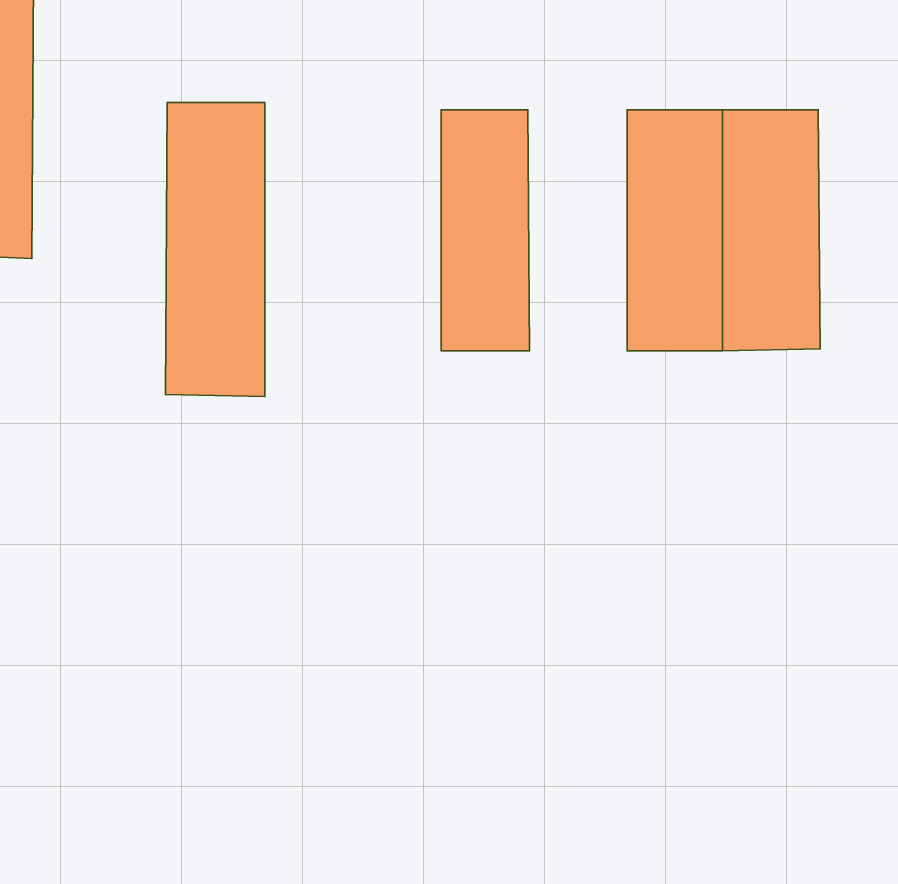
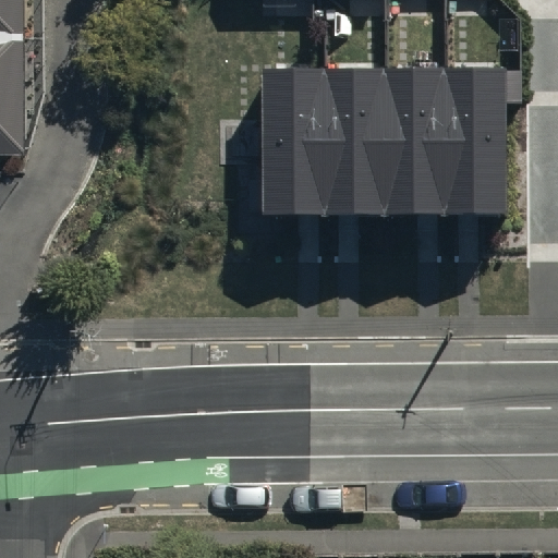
building: [165,103,265,397] -> none
building: none -> [325,68,386,216]

